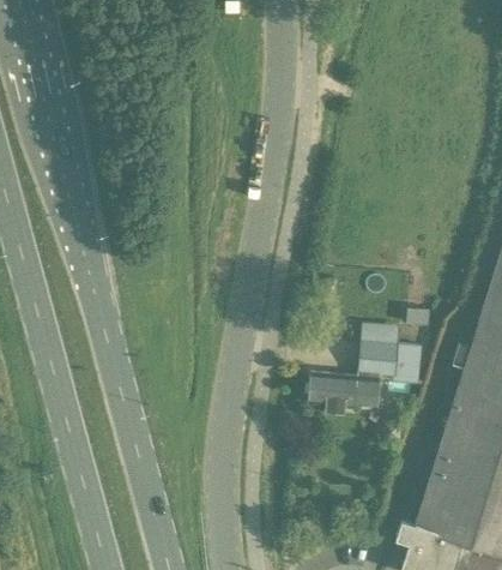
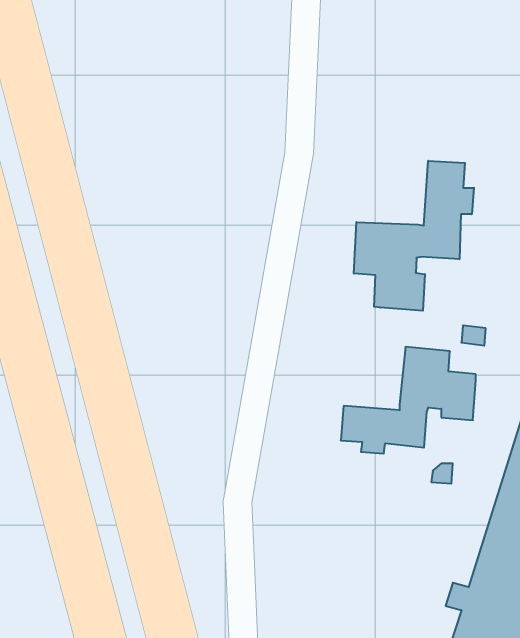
building: none -> [354,161,474,311]

